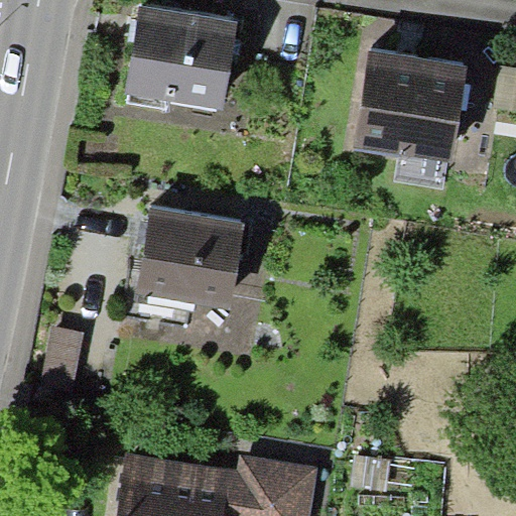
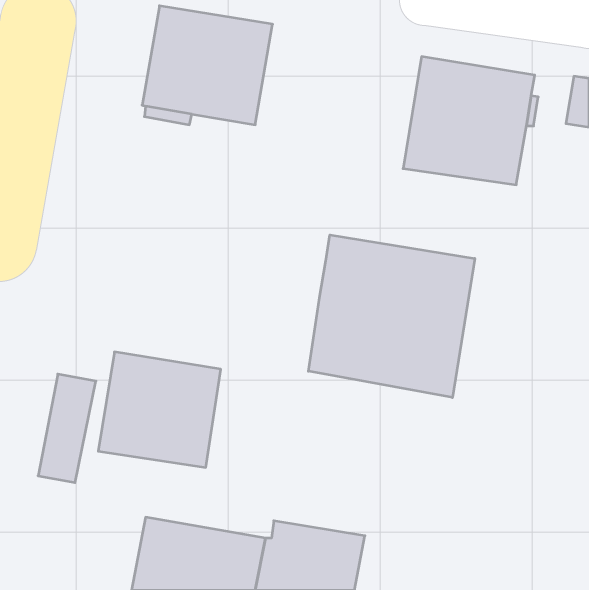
building: none -> [308,235,475,398]
building: [136,208,243,308] -> [98,352,221,467]

